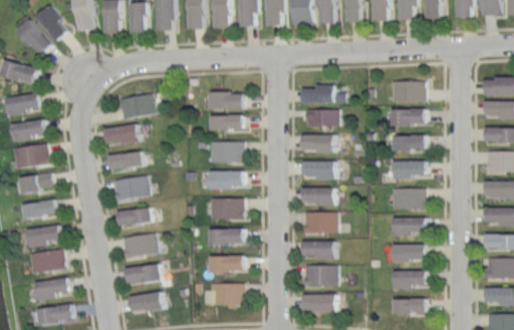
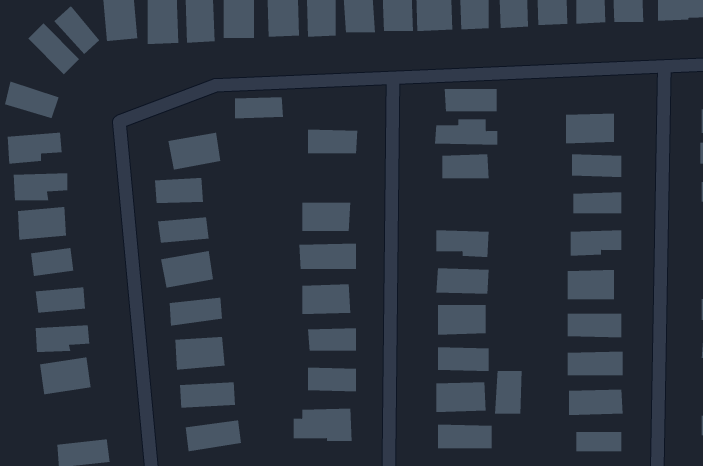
building: [212,114,246,129] -> [234,97,284,119]
building: [299,134,336,150] -> [444,88,498,112]
building: none -> [495,370,522,414]
building: [32,277,72,299] -> none

